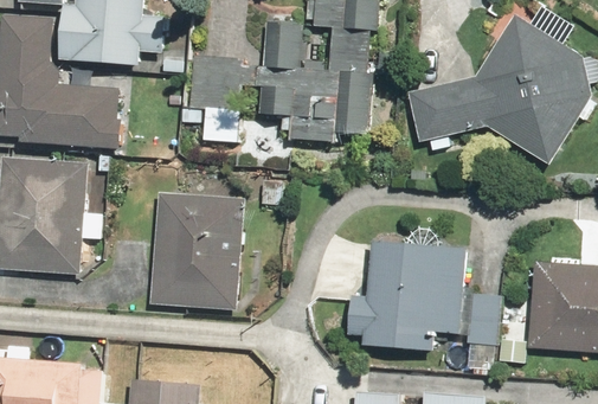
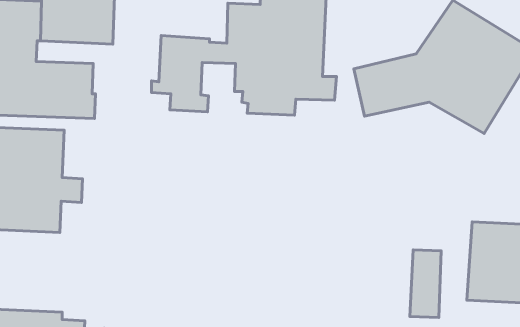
building: [150,194,245,310] -> none
building: [347,245,464,350] -> none

